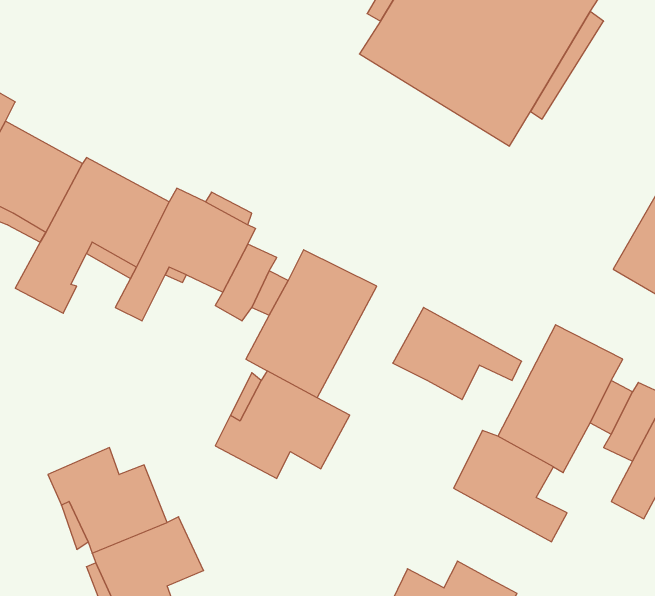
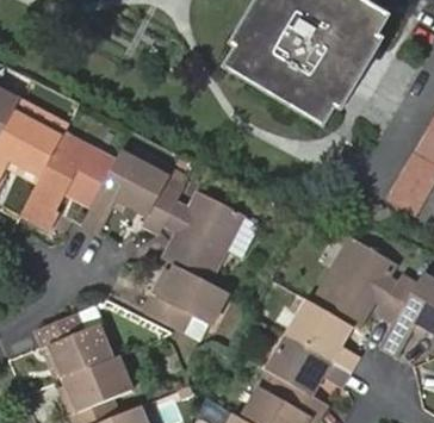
building: [393,307,522,400] -> [269,336,349,393]

